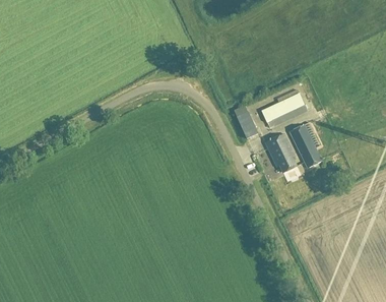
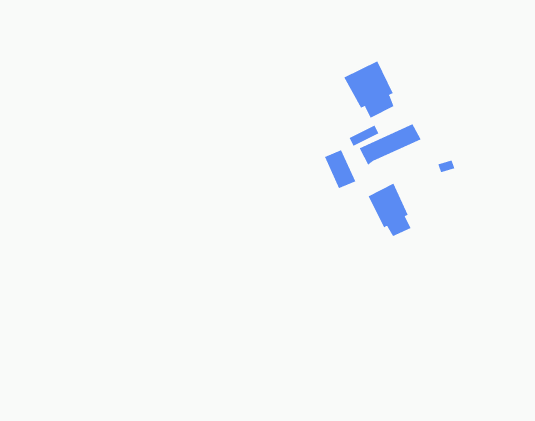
building: none -> [344,61,394,119]
building: [290,124,324,168] -> none

